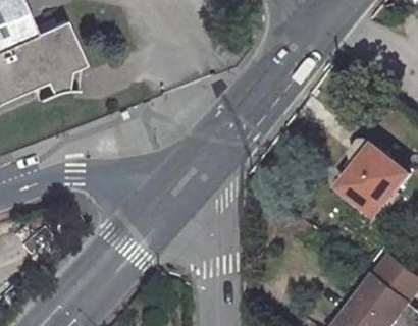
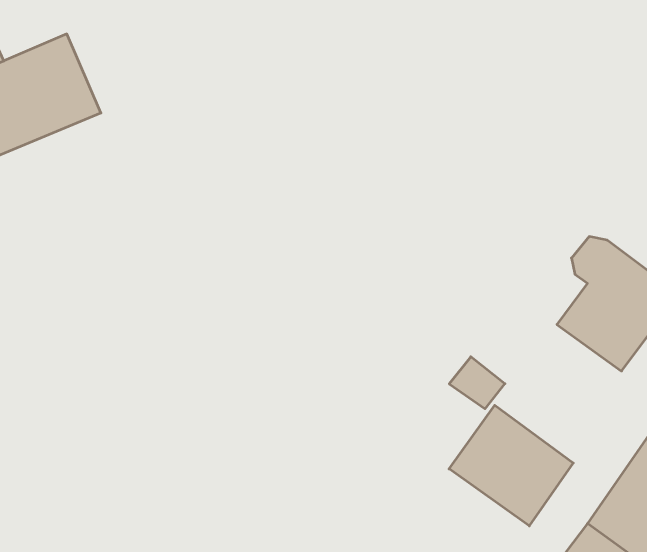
building: none -> [449,405,573,526]

